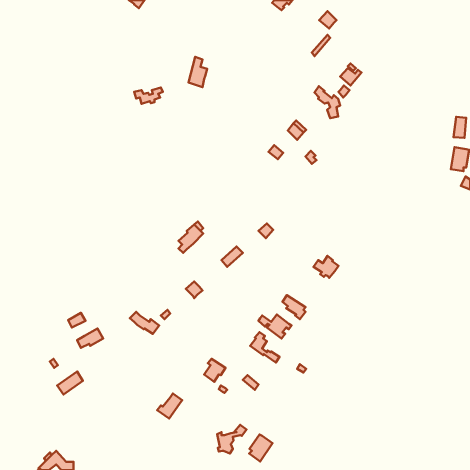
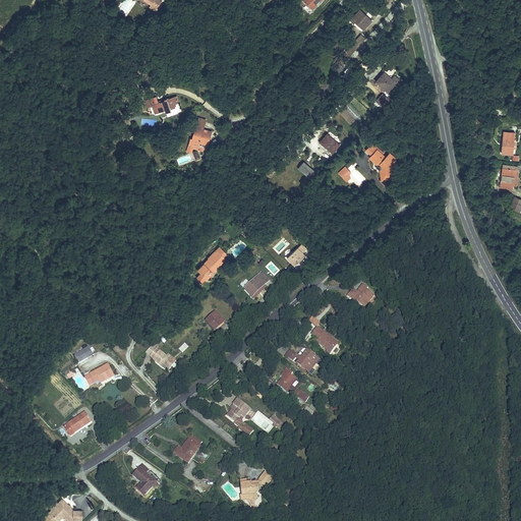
building: [189,57,207,87] -> [189,117,210,151]
building: [314,86,340,118] -> [366,142,395,178]
building: none -> [133,465,158,496]
building: [249,435,273,461] -> none

